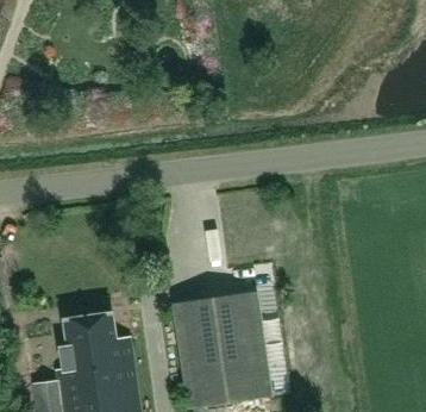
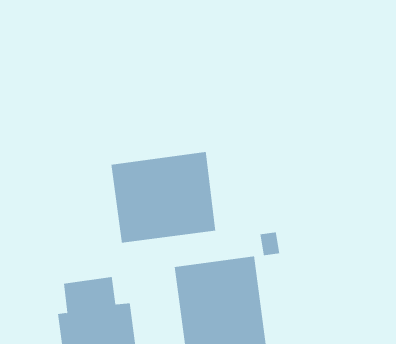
building: none -> [111,151,216,244]

